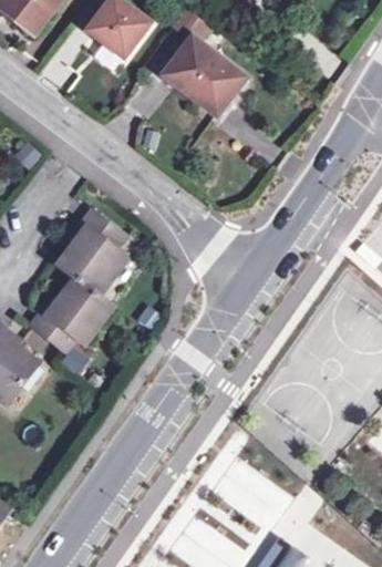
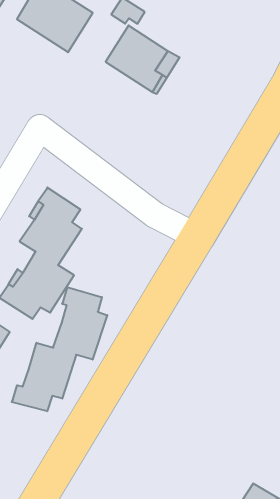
building: none -> [12,287,107,411]

